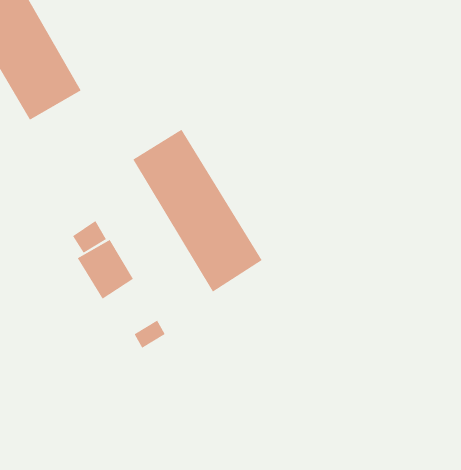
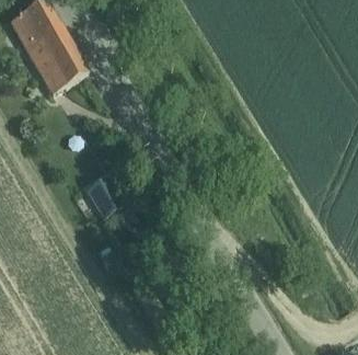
building: [132,129,263,292] -> none

